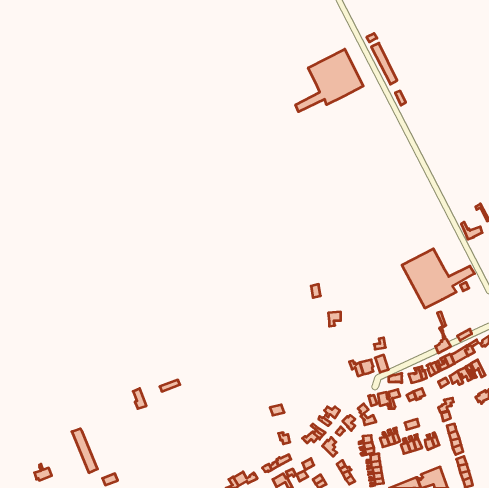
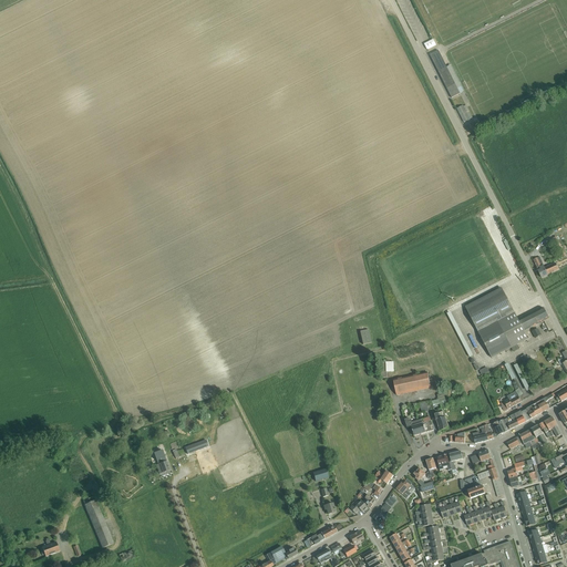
building: [296,49,363,112] -> none
building: none -> [393,371,431,394]

